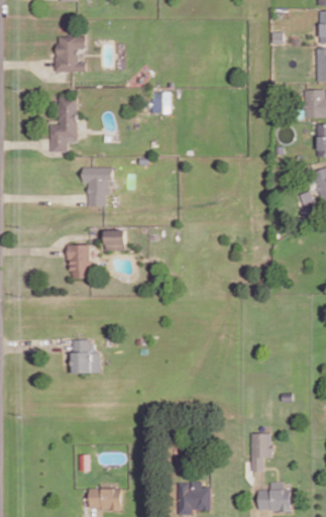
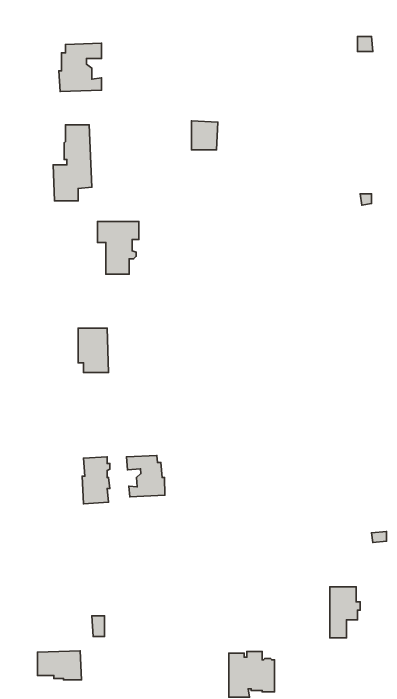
building: [104,229,124,250] -> none
building: none -> [126,456,165,497]
building: [259,482,291,511] -> none
building: [88,488,120,509] -> [37,651,82,680]

